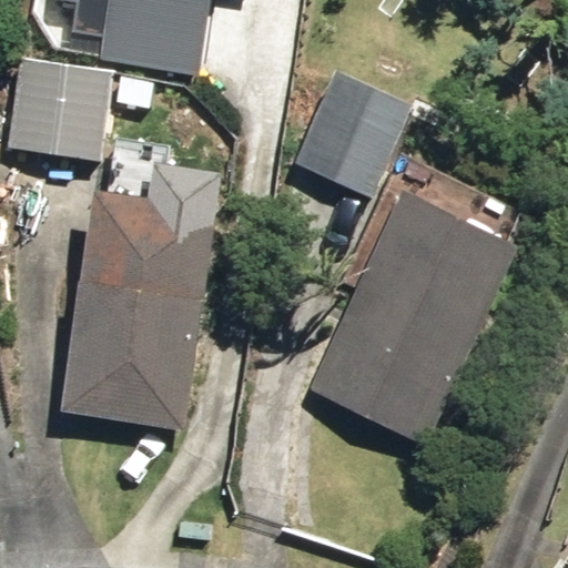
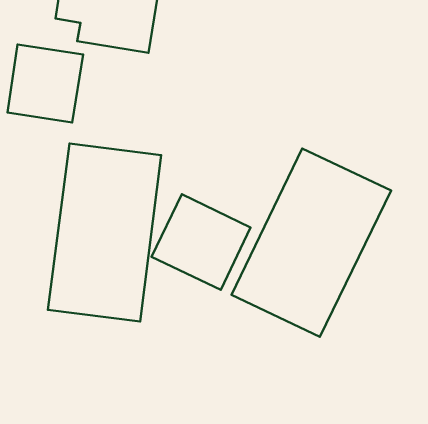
building: [297,75,409,192] -> none
building: none -> [152,194,251,290]

